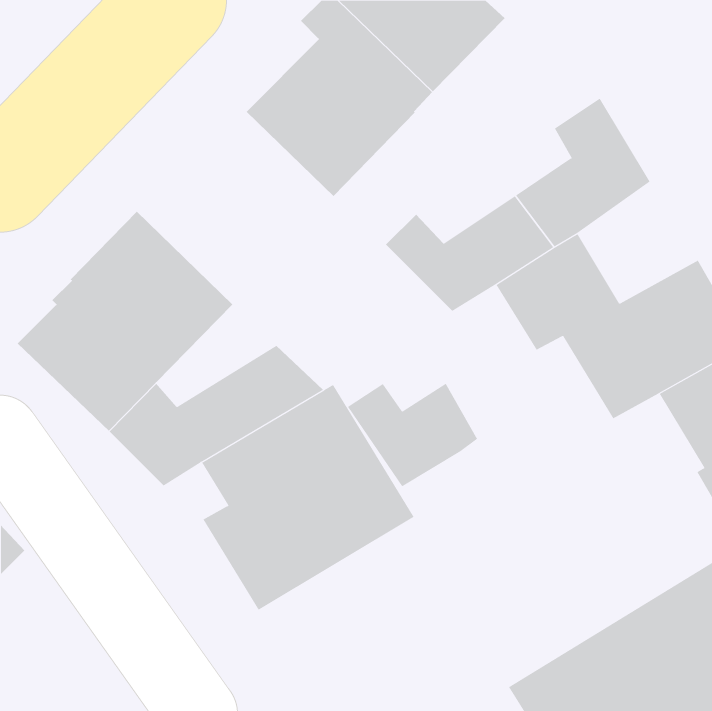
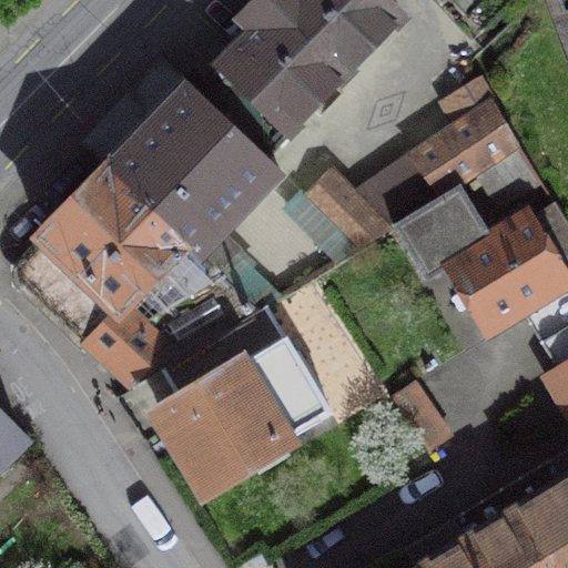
building: none -> [110,87,278,272]
building: [347,383,478,487] -> none

